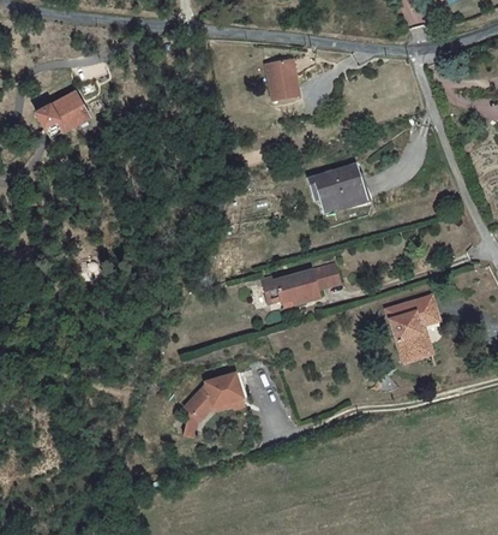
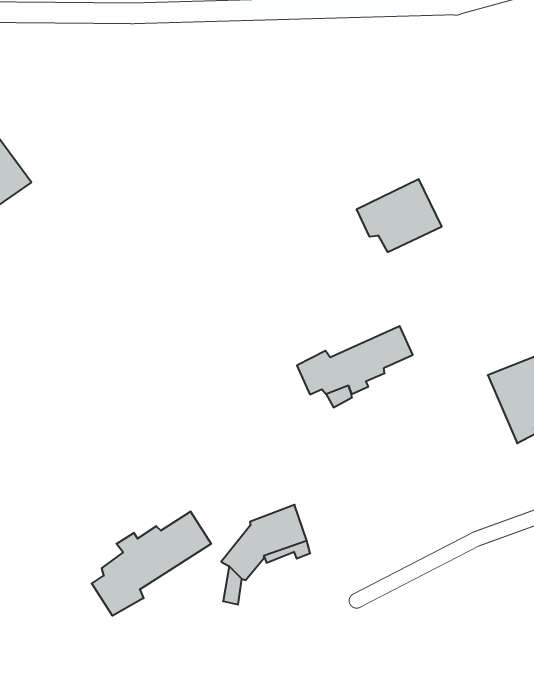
building: [262,60,296,101] -> none
building: none -> [92,511,211,616]

